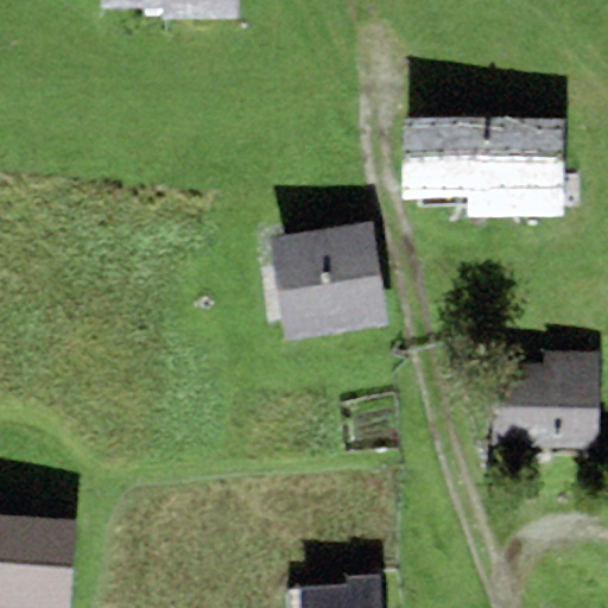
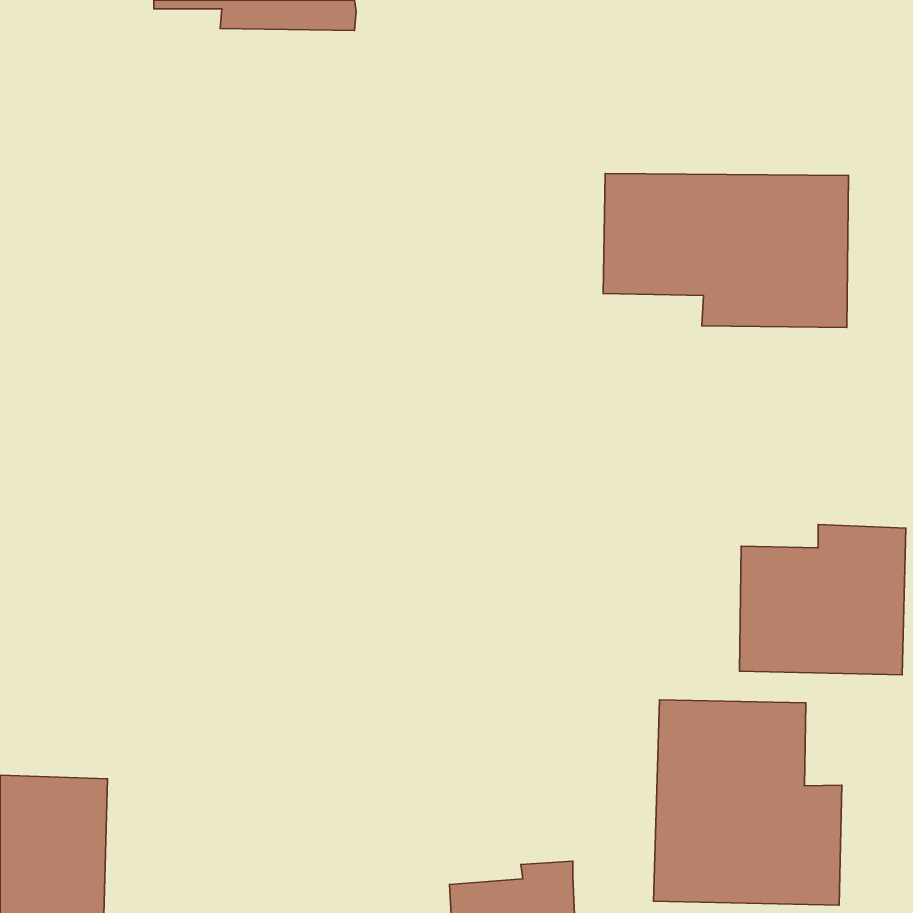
building: [268,222,387,338] -> none
building: none -> [654,700,842,905]

